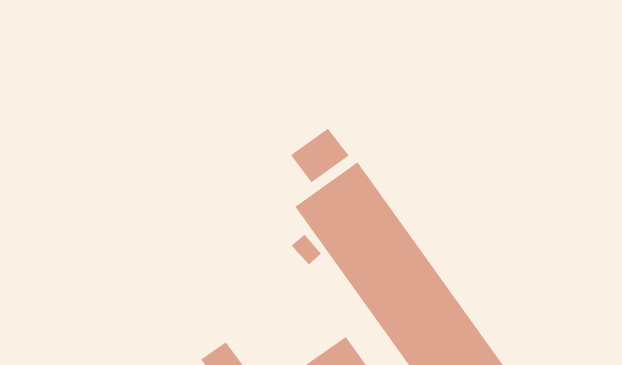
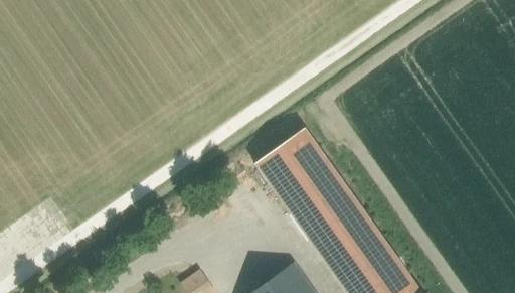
building: [290,128,349,183] -> none

